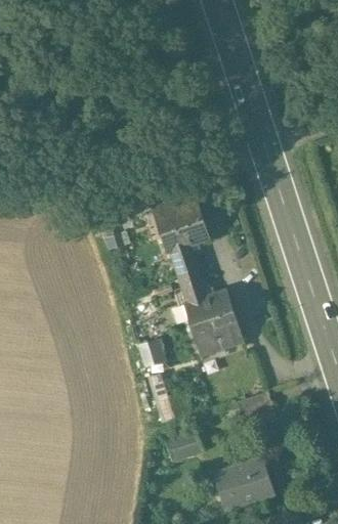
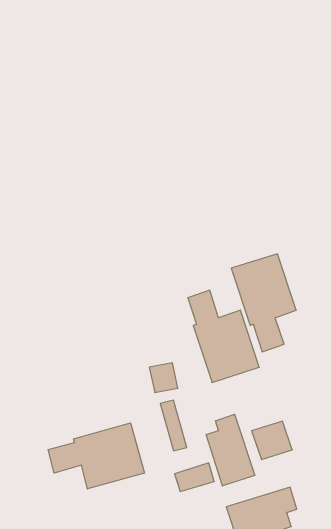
building: [149,187,209,278] -> [231,254,296,352]
building: none -> [206,414,255,486]
building: none -> [48,423,144,489]

